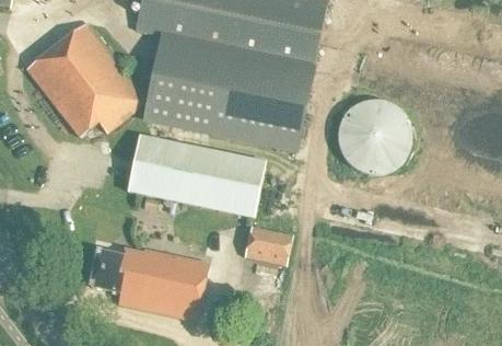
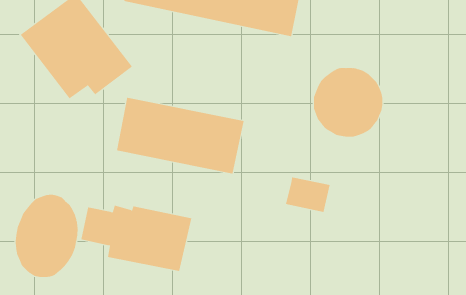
building: [144,38,312,148] -> none
building: [244,226,292,264] -> [285,177,330,213]
building: none -> [15,194,78,278]

